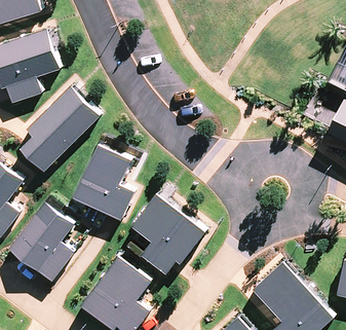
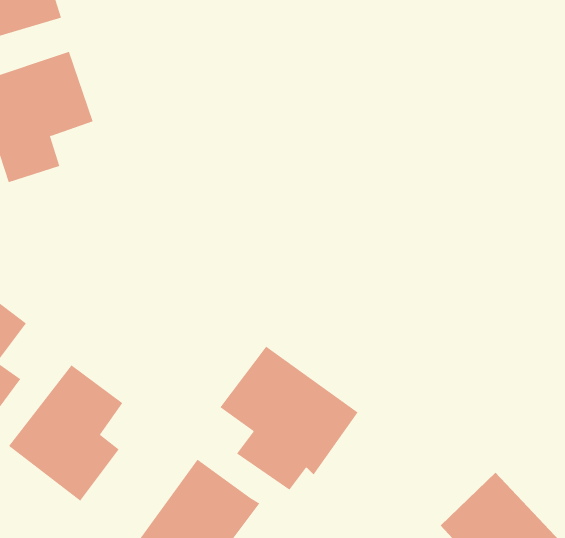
building: [22,88,99,171] -> none
building: [73,143,131,219] -> none

